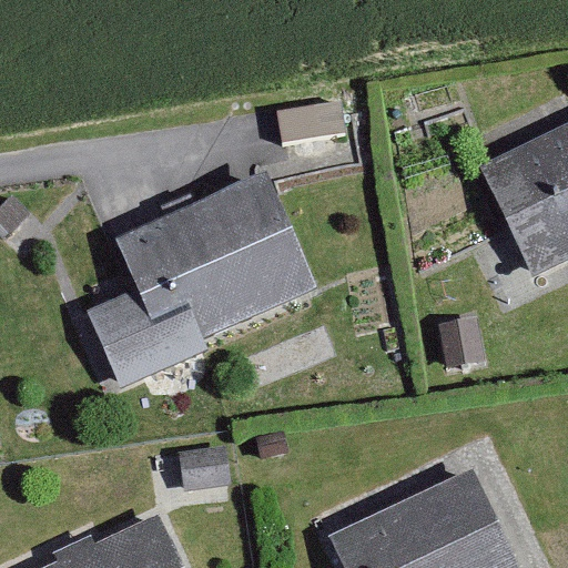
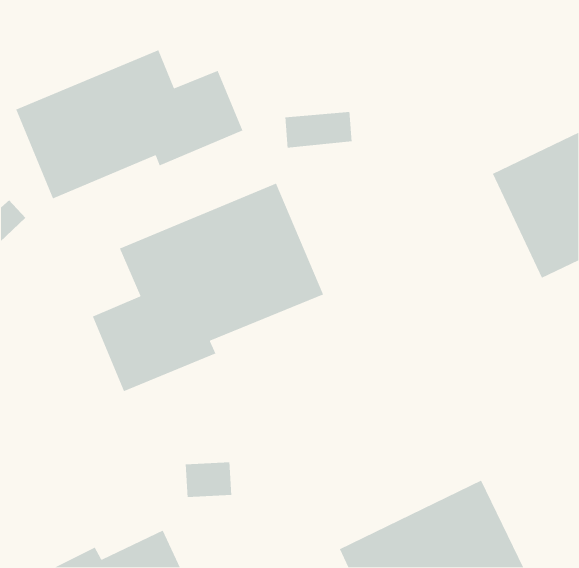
building: none -> [15,49,244,200]

